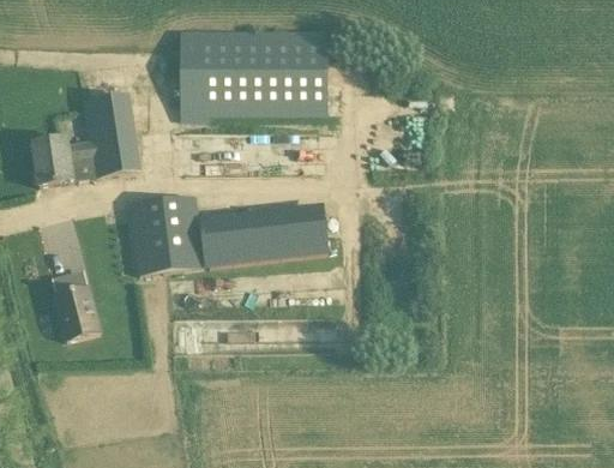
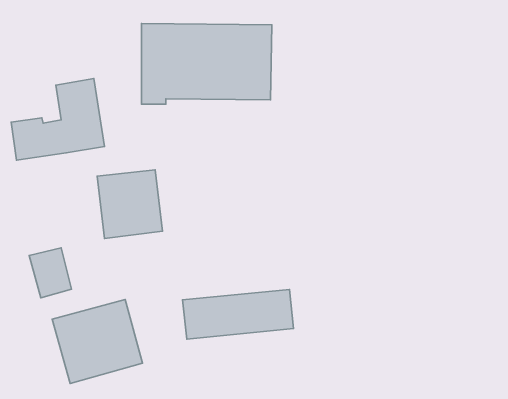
building: [203,210,329,266] -> [182,289,294,339]
building: none -> [52,300,143,384]

